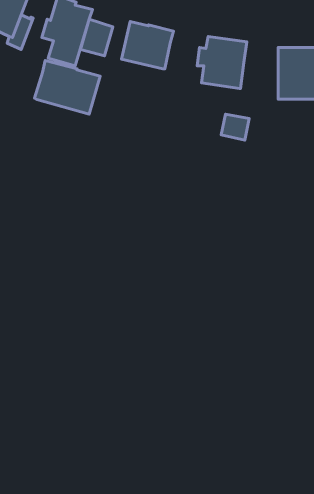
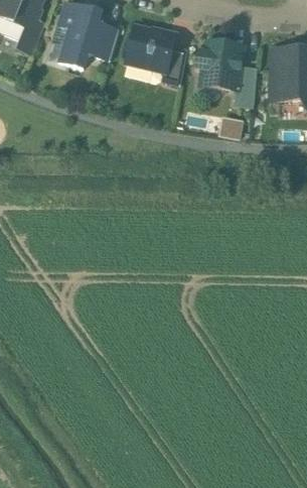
building: none -> [163,45,186,83]
building: [34,60,100,114] -> none
building: none -> [234,64,257,102]

